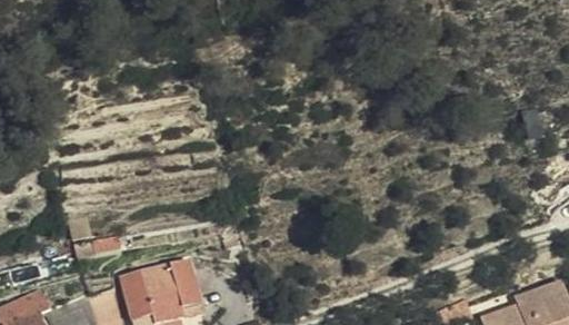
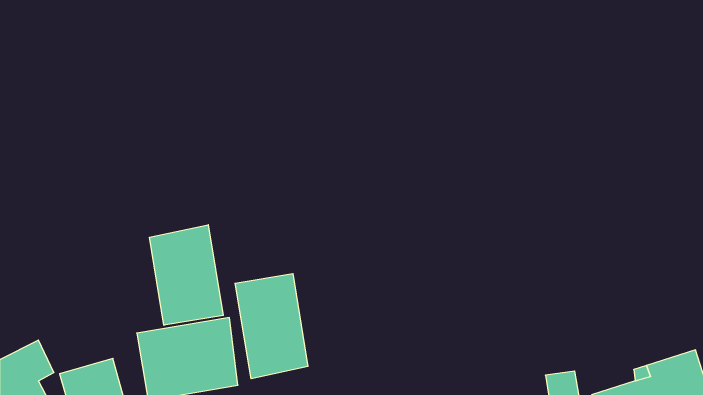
building: none -> [150,225,223,325]
building: none -> [235,274,308,379]

